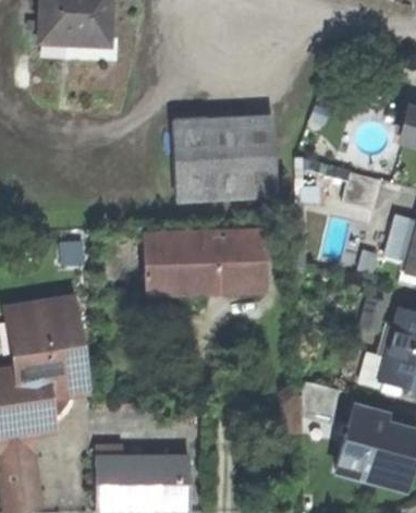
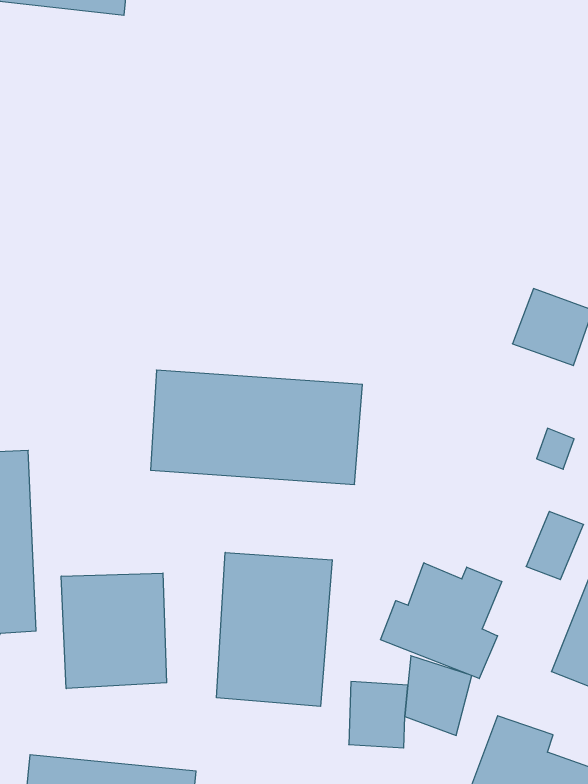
building: [169,115,274,201] -> none
building: none -> [380,563,502,679]
building: none -> [217,552,332,706]
building: none -> [61,573,167,689]

